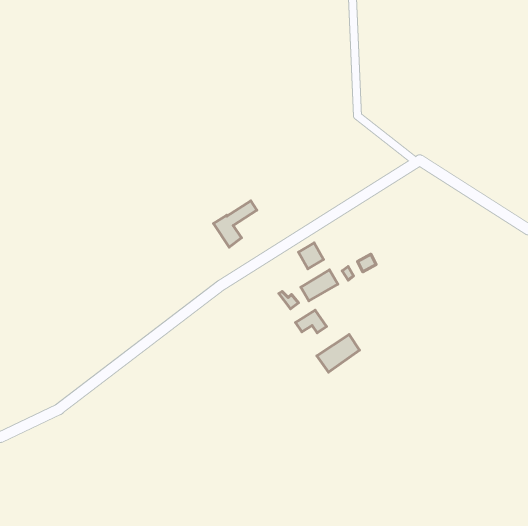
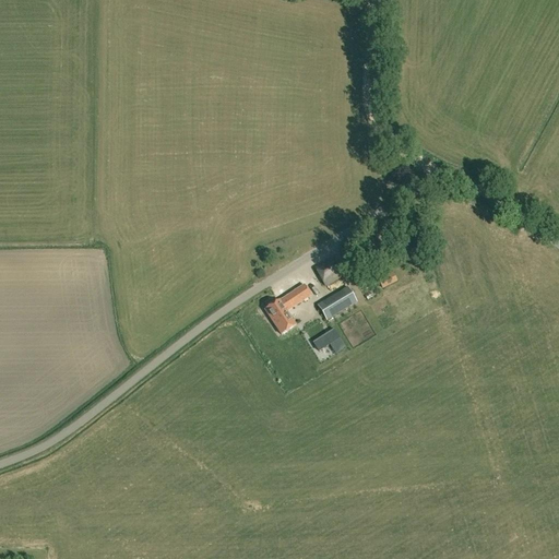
building: [214,201,257,247] -> [265,284,311,333]
building: [317,335,360,372] -> none

